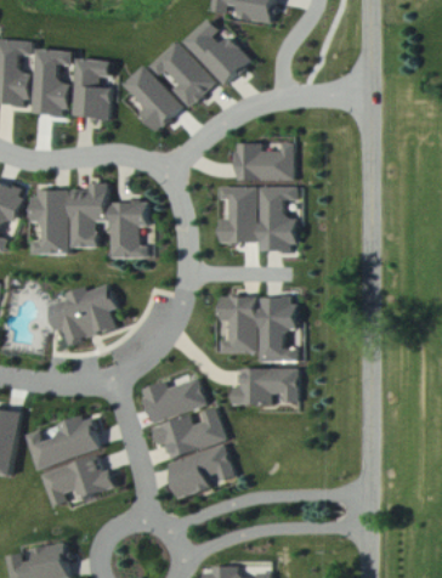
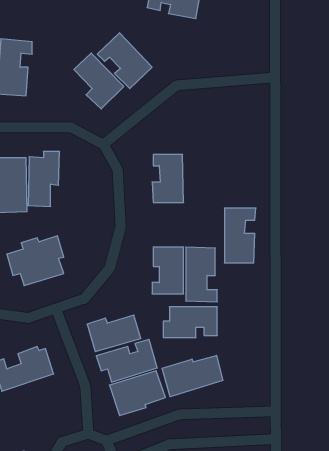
building: [186,18,253,85] -> none
building: [74,57,114,119] -> none
building: [237,142,293,180] -> none
building: [259,186,296,251] -> [224,208,256,263]
building: [110,202,148,259] -> none
building: none -> [162,355,223,397]
building: [45,457,118,508] -> none

